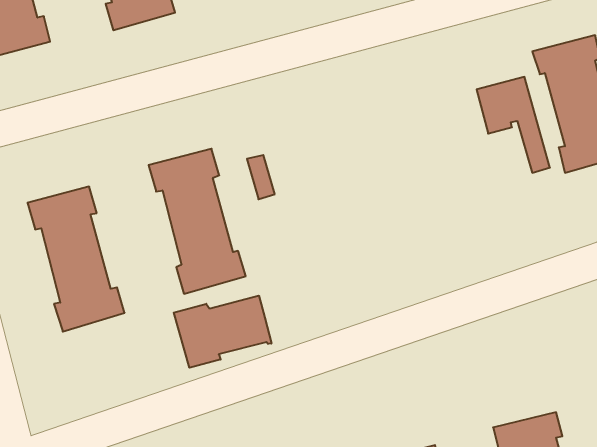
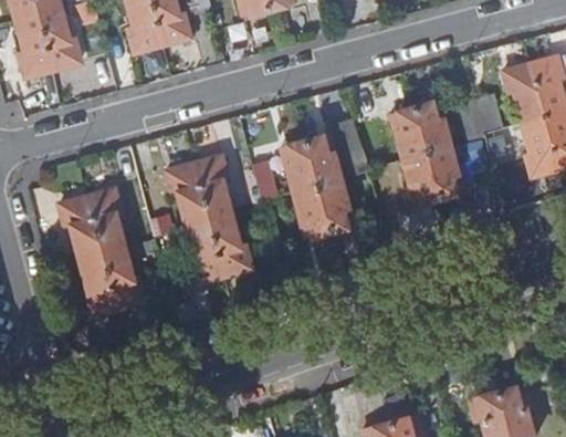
building: none -> [391,101,464,205]
building: none -> [282,121,366,238]
building: [174,296,271,368] -> none

